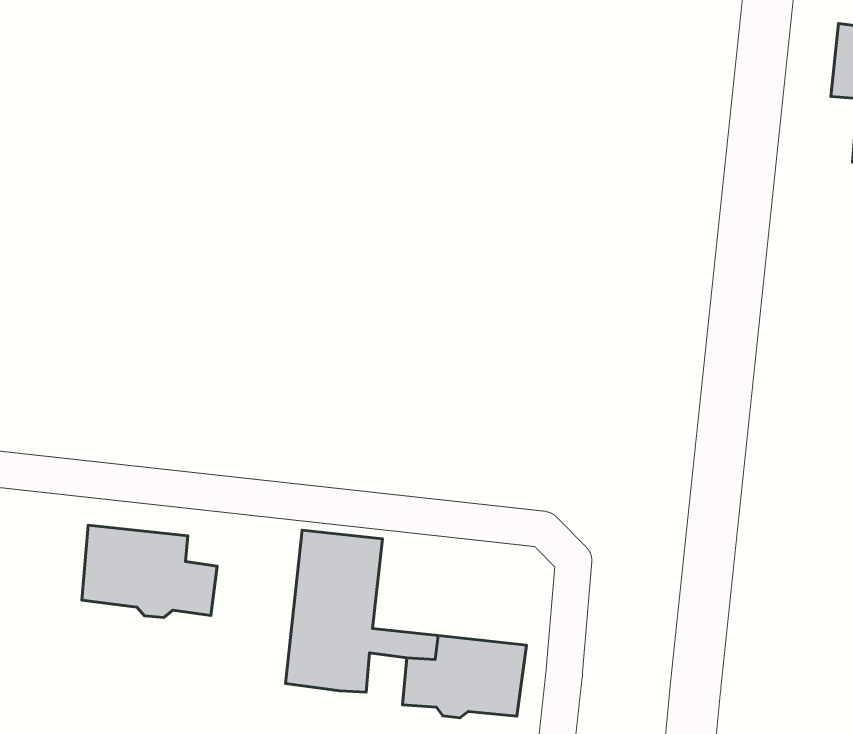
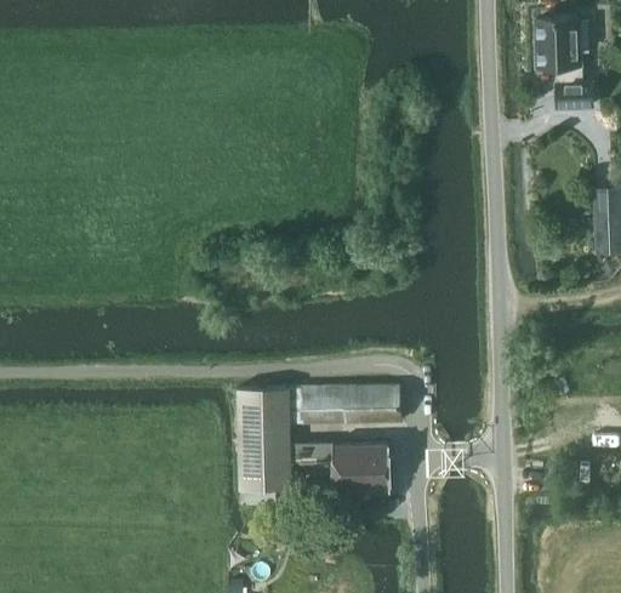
building: [82,525,217,617] -> none
building: none -> [292,383,403,422]

